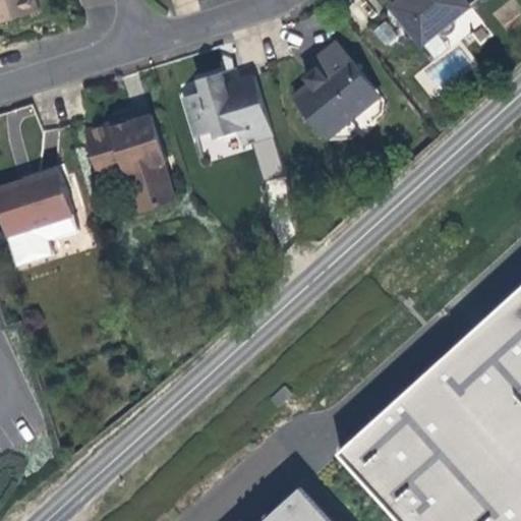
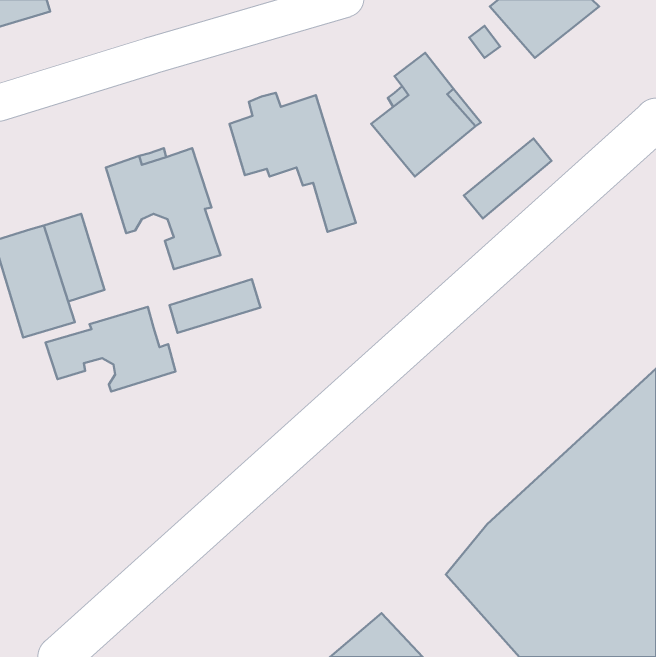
building: none -> [464,139,552,218]
building: none -> [169,279,261,333]
building: none -> [46,307,176,391]

